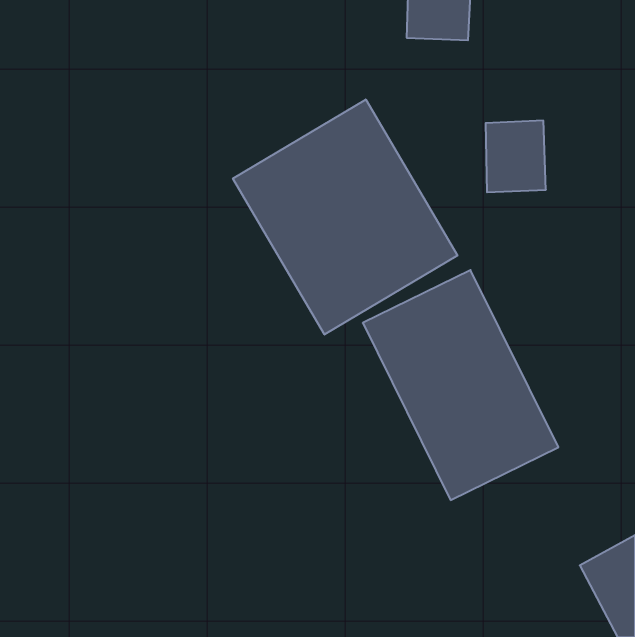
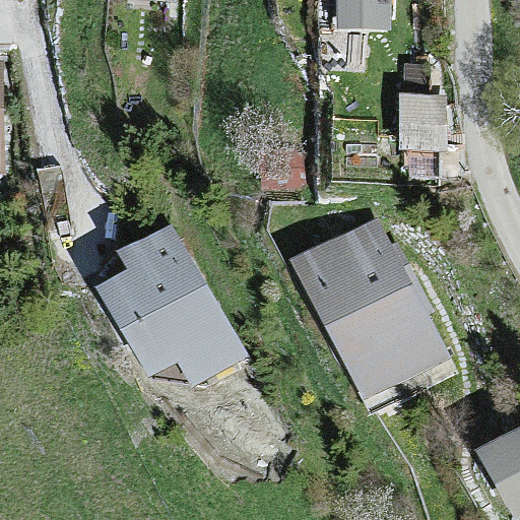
building: [233,99,457,335] -> none
building: none -> [99,213,251,384]

